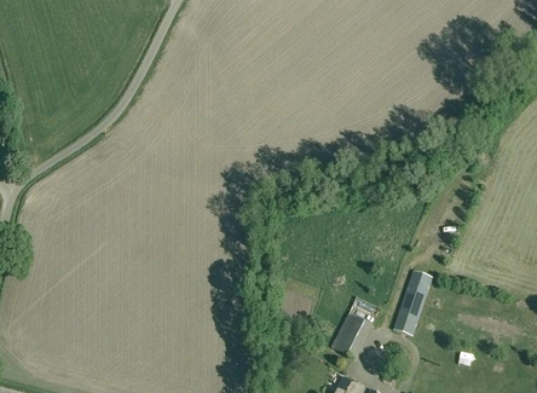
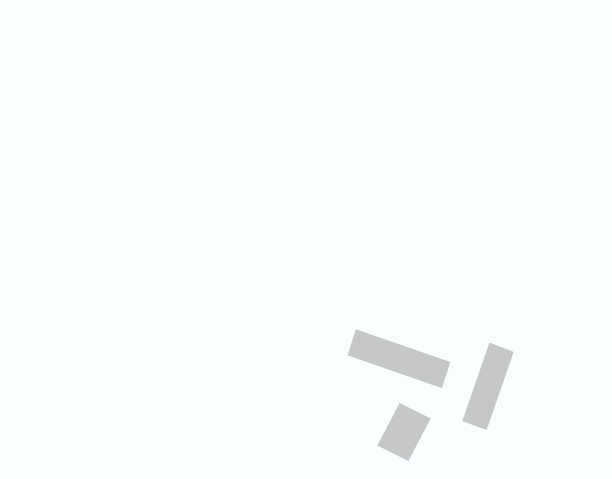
building: none -> [346,328,451,389]

